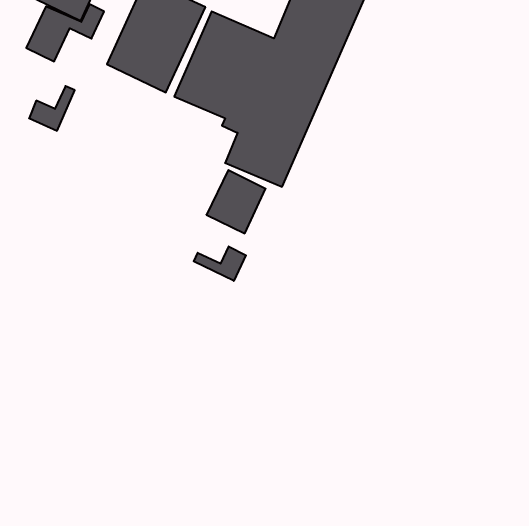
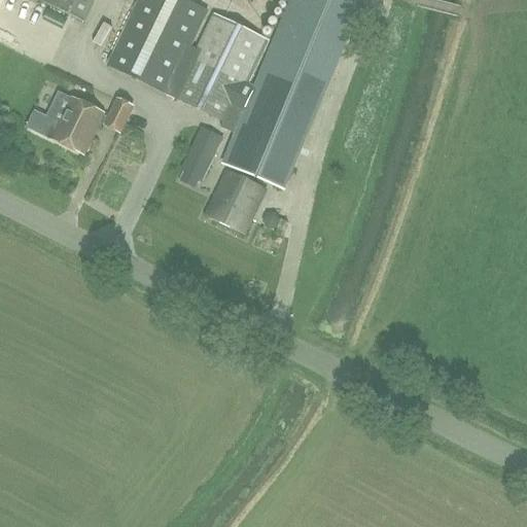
building: [26,4,104,61] -> [55,97,132,153]
building: none -> [181,126,223,183]
building: [194,246,246,281] -> none

